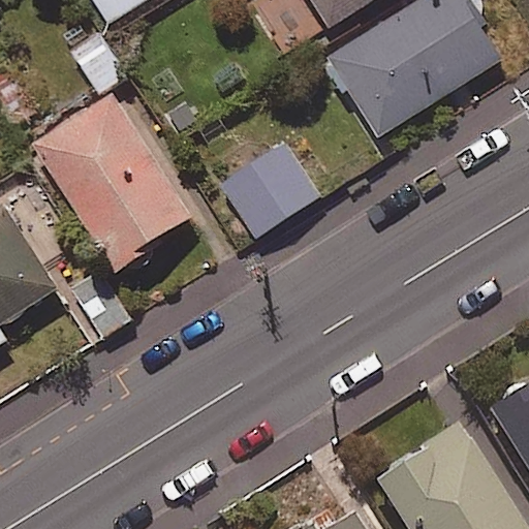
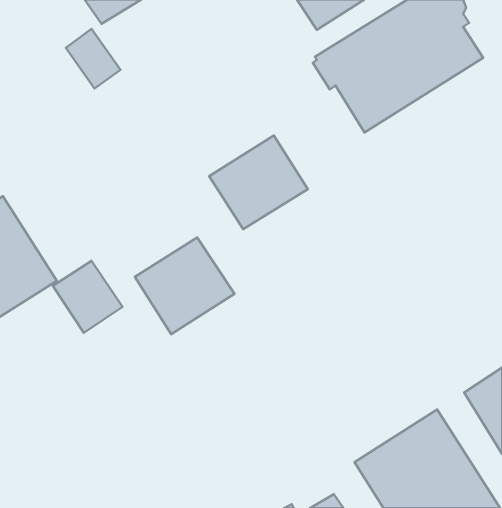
building: [34,94,195,275] -> none
building: none -> [135,237,234,334]

